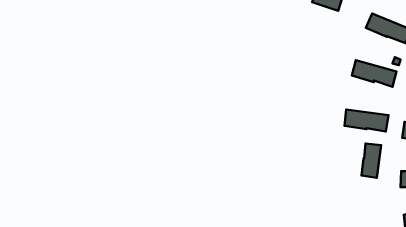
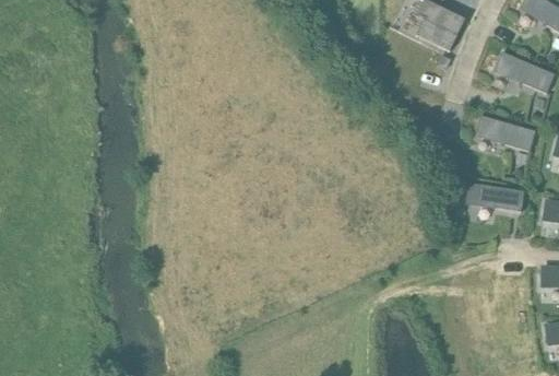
building: [361,143,381,178] -> none

